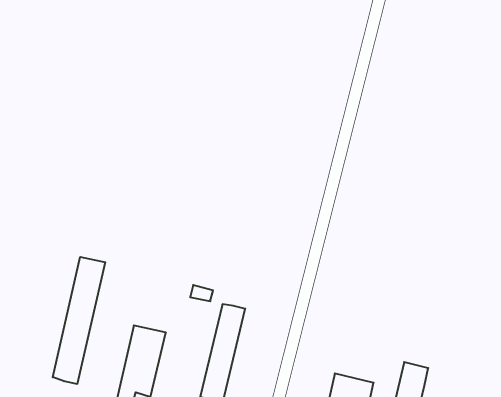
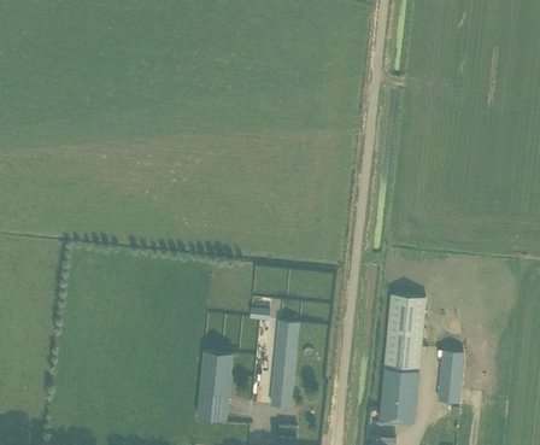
building: [53,257,105,384] -> none
building: none -> [383,297,425,374]

